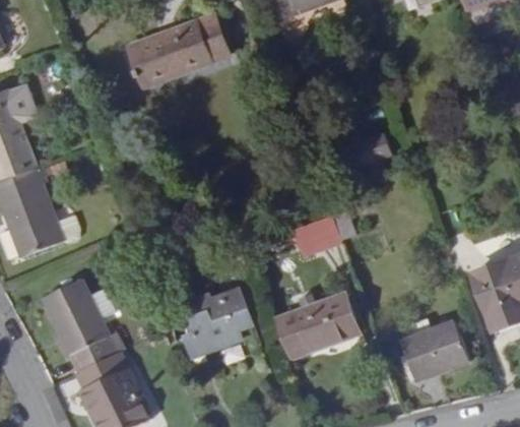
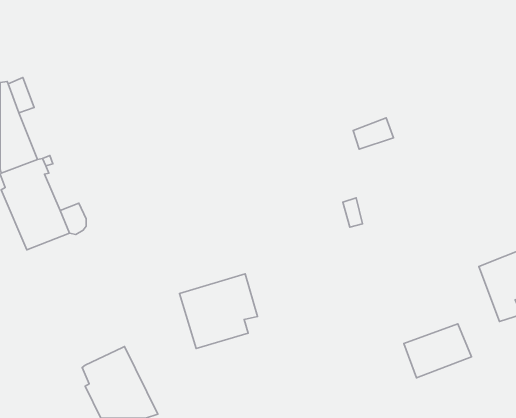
building: [129,20,228,87] -> none
building: [289,220,337,257] -> none
building: [48,280,120,371] -> none
building: [274,298,354,360] -> none

